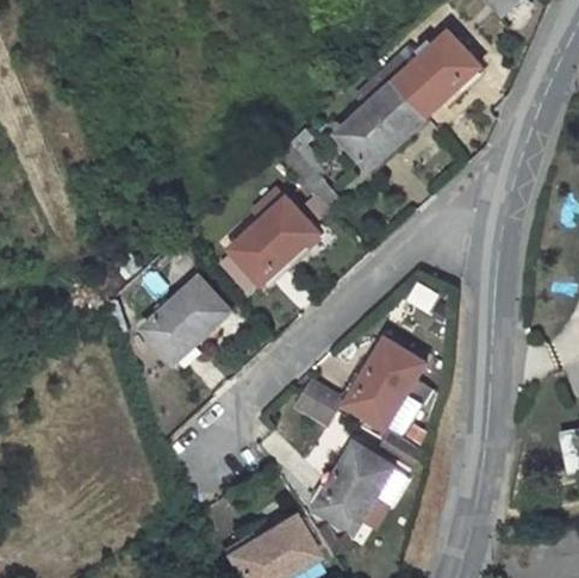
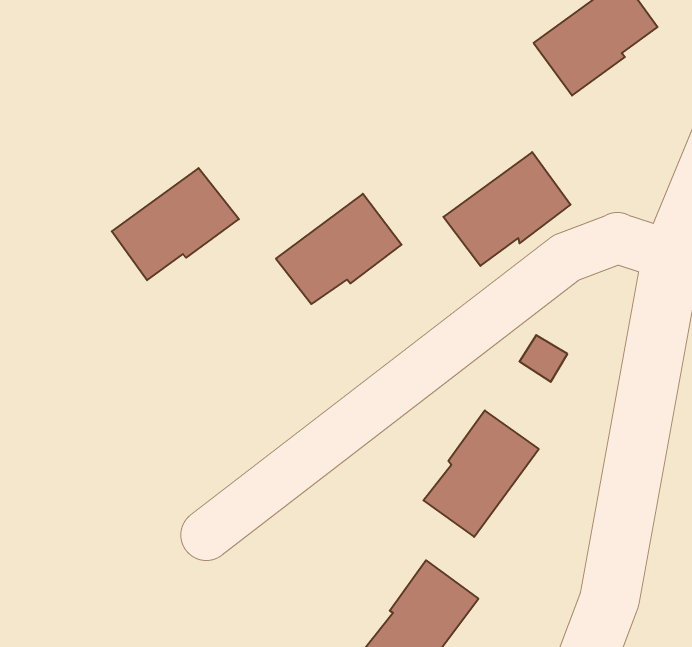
building: [336,83,422,164] -> [443,152,571,266]
building: [143,276,229,356] -> [112,168,239,280]
building: [291,377,341,425] -> none

